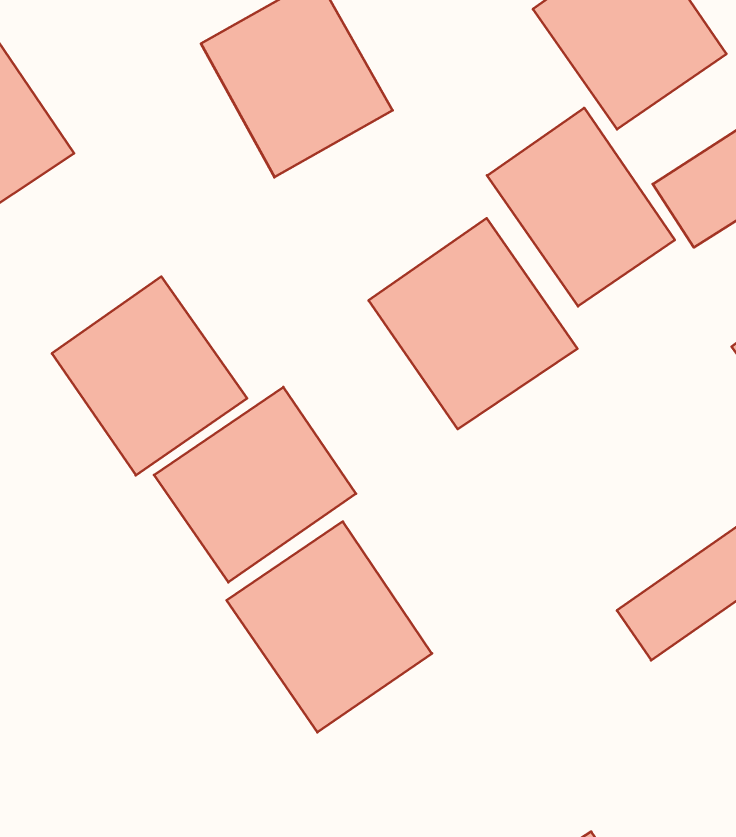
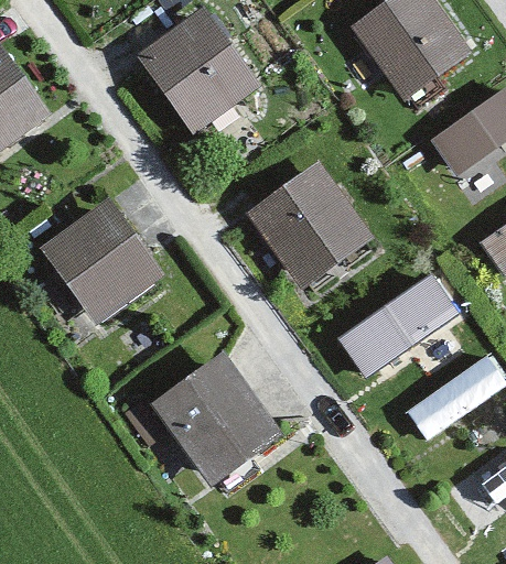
building: [487,108,675,306] -> none
building: [154,387,356,582] -> none
building: none -> [336,271,461,378]

